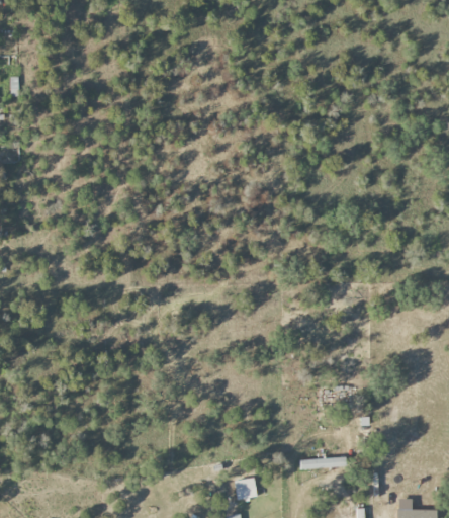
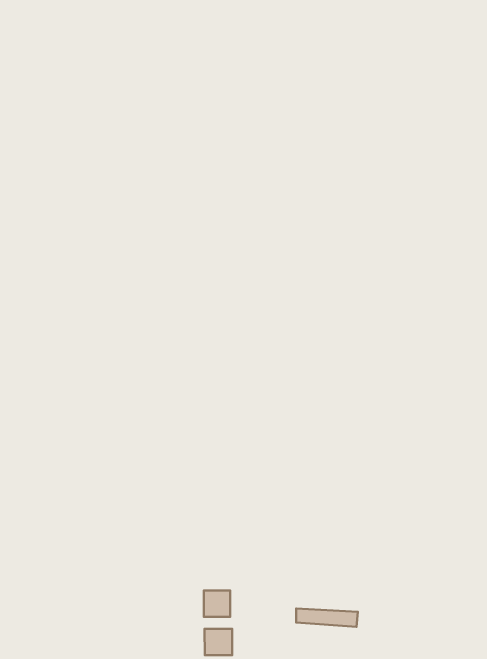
building: none -> [204,590,230,617]

